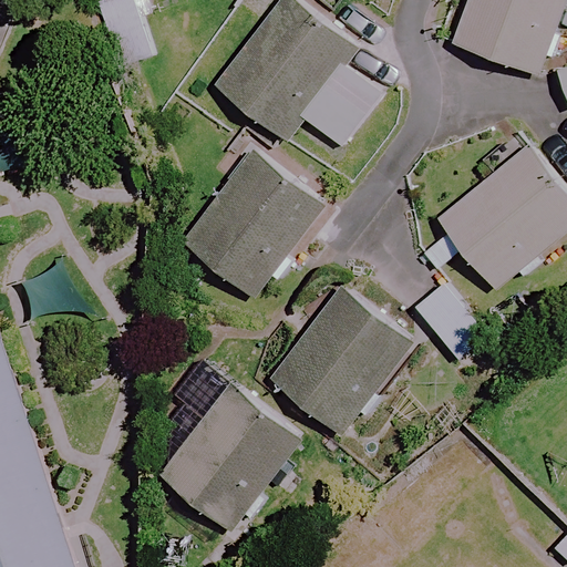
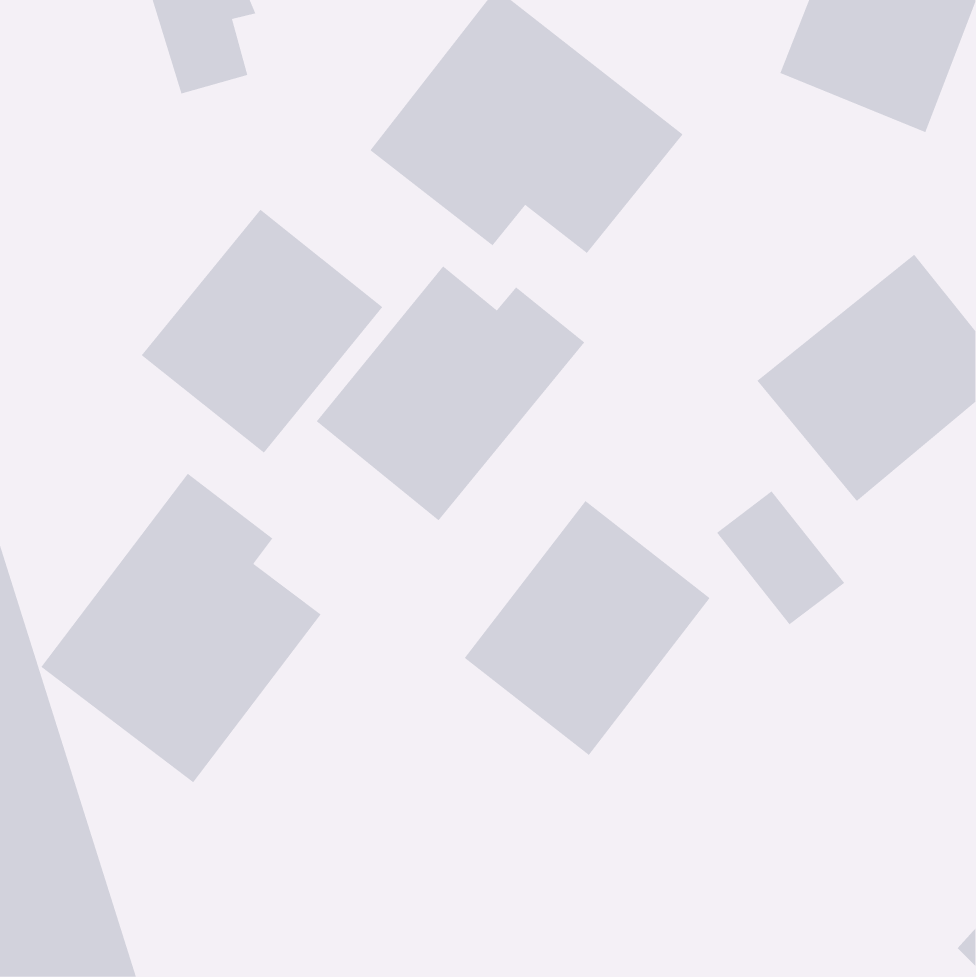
building: none -> [141,209,383,453]
building: none -> [41,473,322,783]
building: [161,385,301,530] -> none

